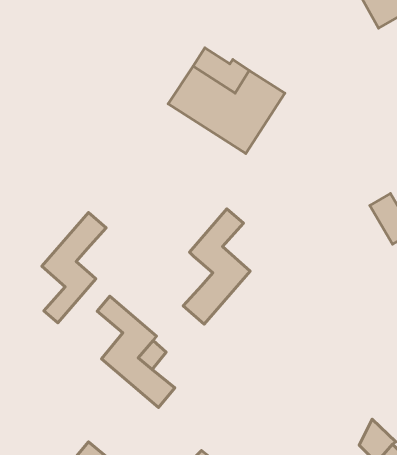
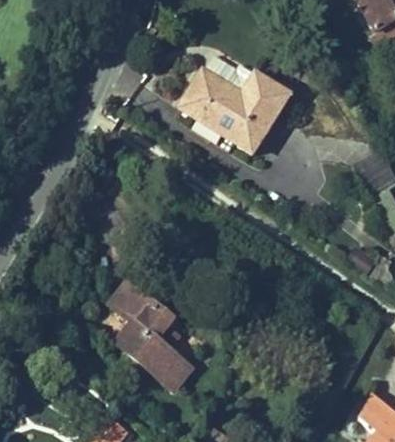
building: [183,209,250,324] -> none
building: [42,212,106,323] -> none

